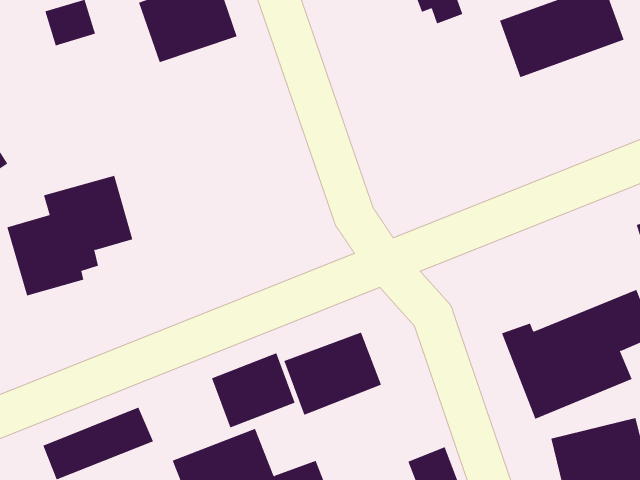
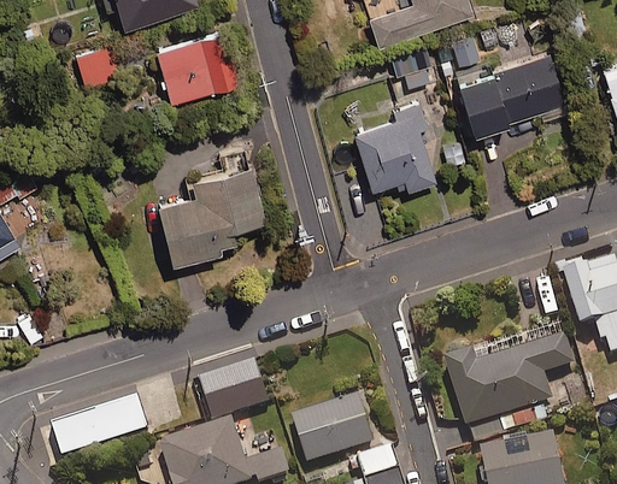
building: none -> [354,108,435,194]
building: [7,175,133,296] -> [159,172,265,270]
building: [283,332,382,415] -> [292,395,374,462]

